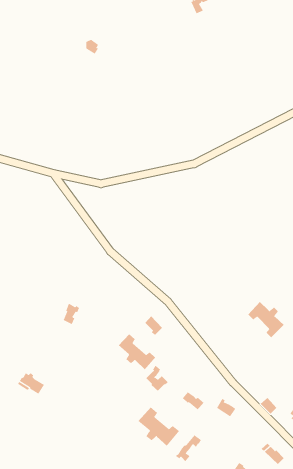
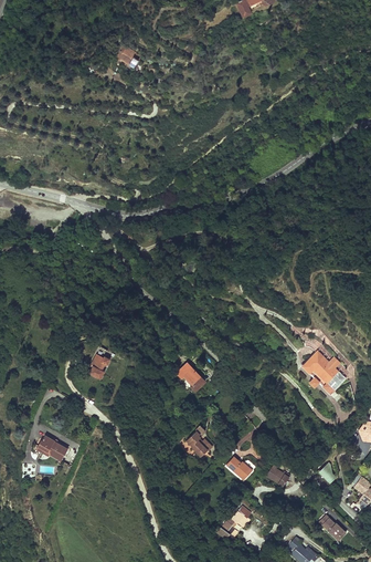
building: [118,334,156,370] -> none
building: [138,407,180,447] -> none

